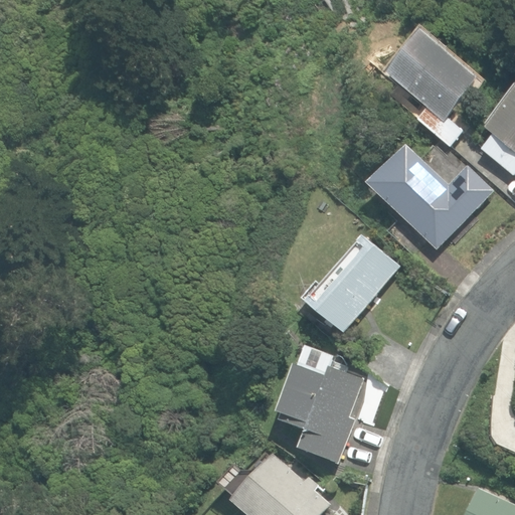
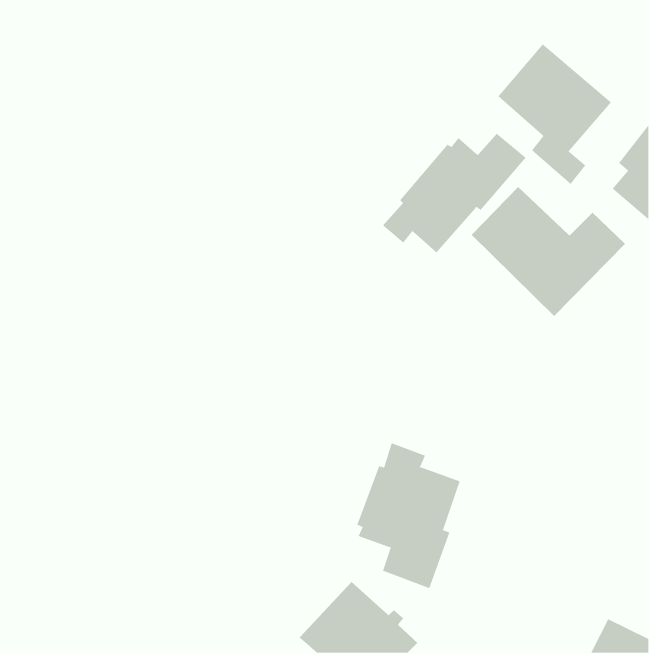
building: none -> [382,133,527,253]
building: [306,233,397,331] -> none

